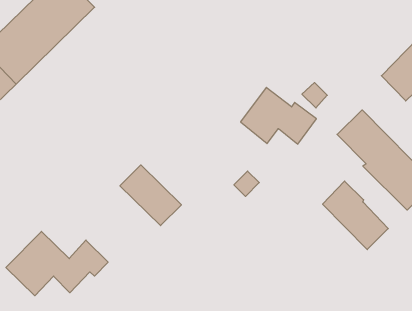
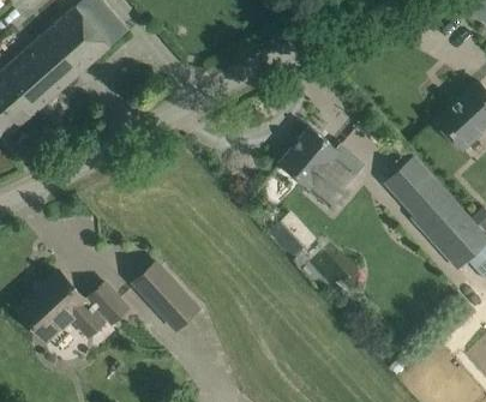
building: [120,165,181,226] -> [132,263,198,330]
building: [323,181,388,250] -> none

